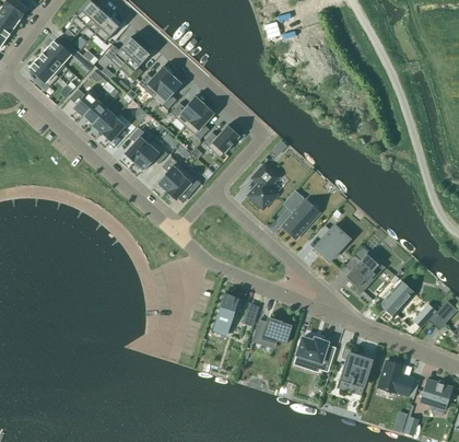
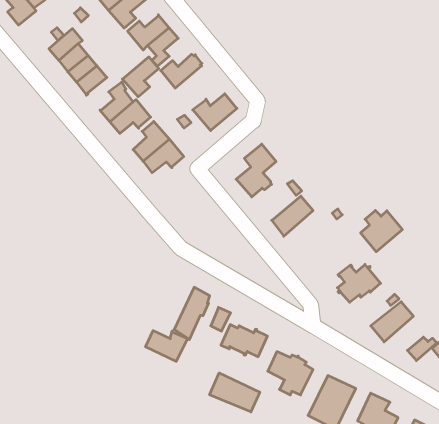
building: [185,104,214,139] -> [122,57,159,97]
building: [315,224,350,260] -> [361,210,402,252]
building: none -> [146,331,188,361]
building: none -> [210,373,260,412]

